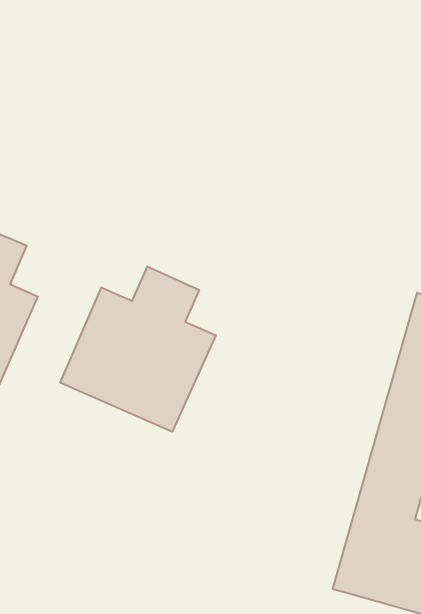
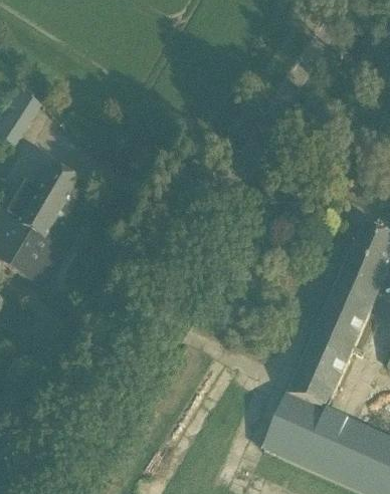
building: [60,266,216,432] -> none

